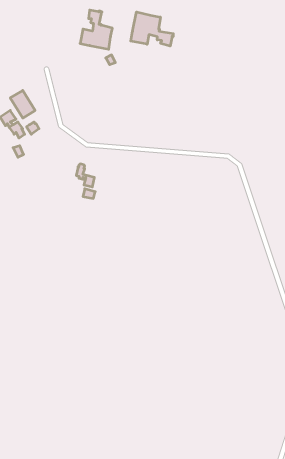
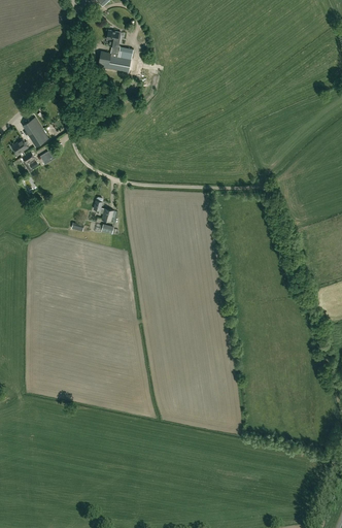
building: [131,12,173,46] -> none

